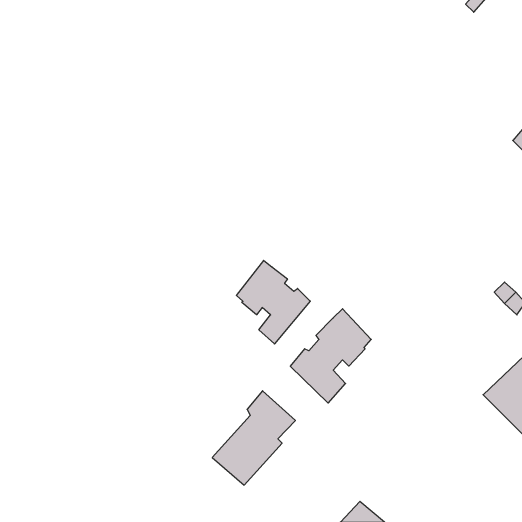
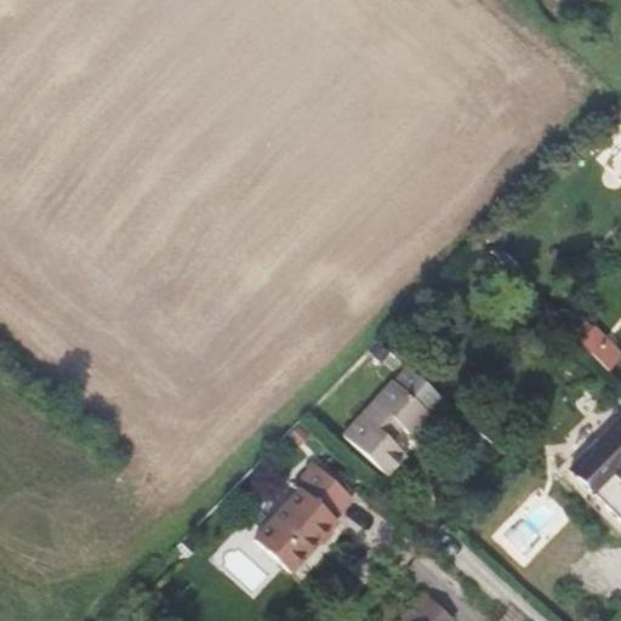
building: [236,260,310,344] -> none

